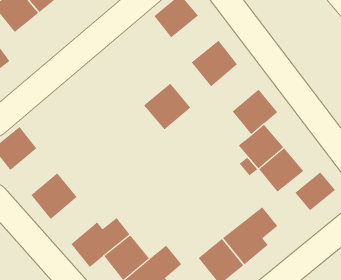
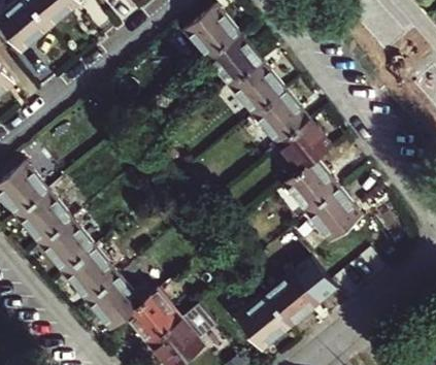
building: none -> [205,31,262,87]
building: [143,83,191,130] -> [253,89,309,144]
building: none -> [15,188,71,243]
building: [295,172,336,211] -> none
building: none -> [63,245,119,301]

